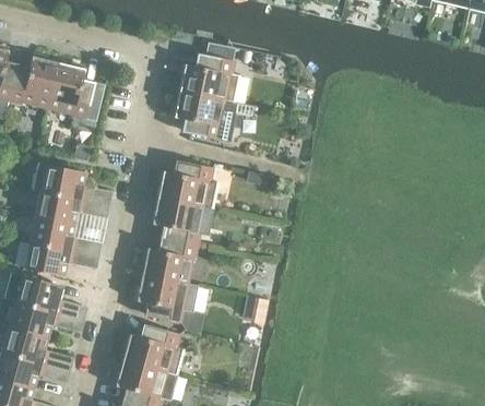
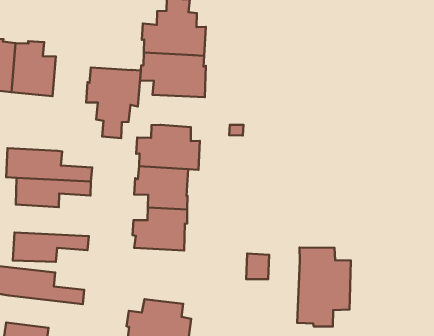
building: none -> [86,67,141,138]
building: [29,217,102,258] -> none
building: [133,275,198,324] -> none
building: none -> [297,247,351,327]
building: [9,302,84,338] -> none

